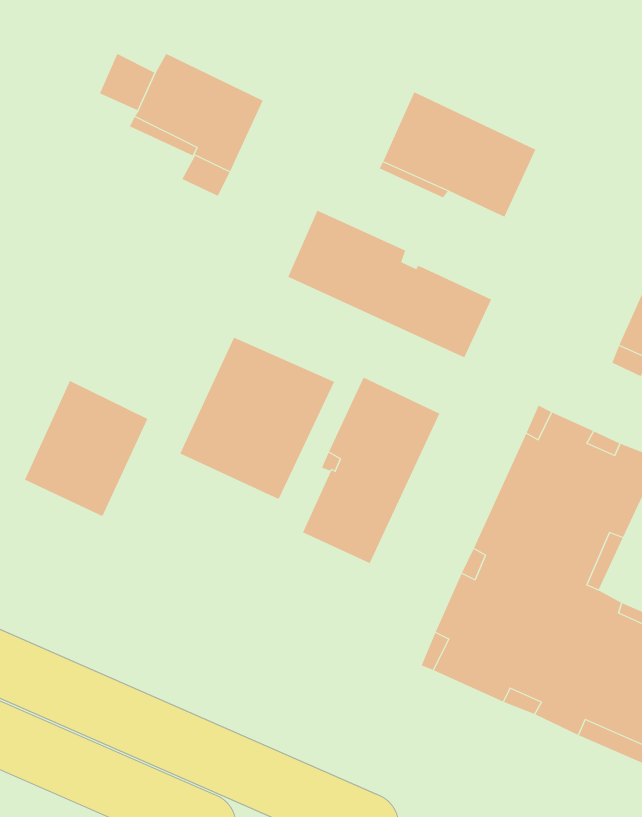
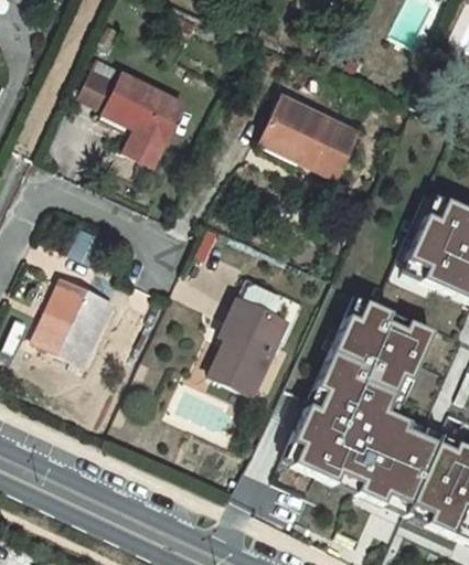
building: [288,210,492,358] -> none
building: [180,337,335,500] -> none

